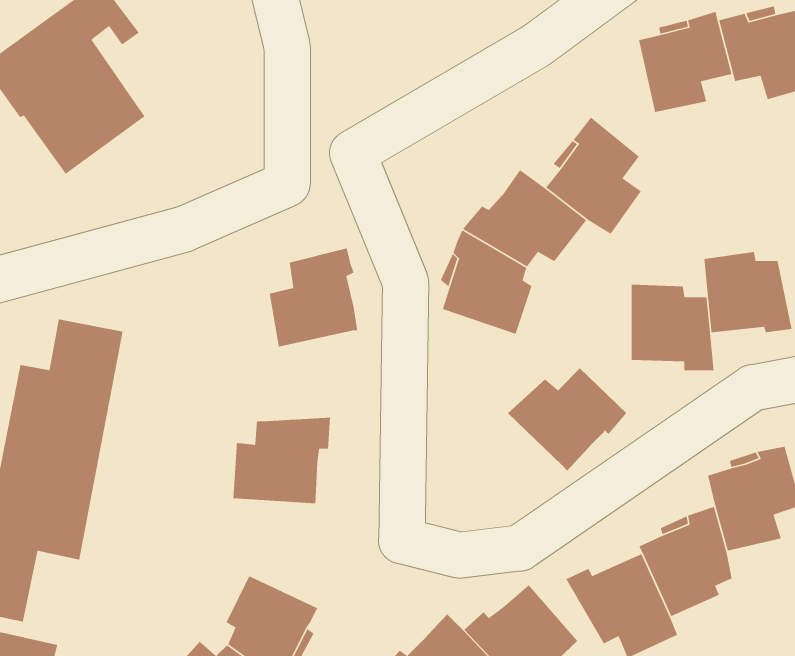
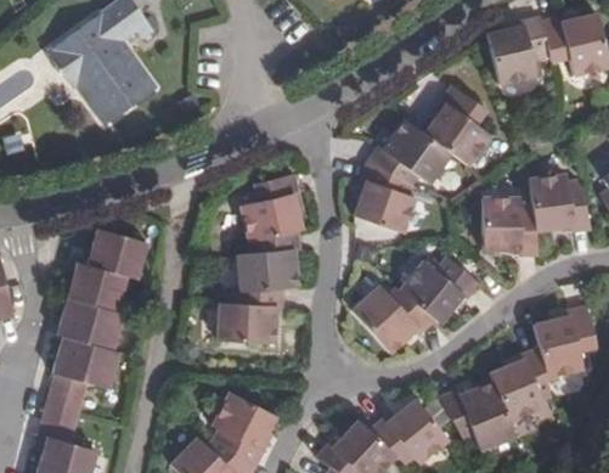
building: none -> [237,231,299,291]
building: none -> [354,286,436,354]

